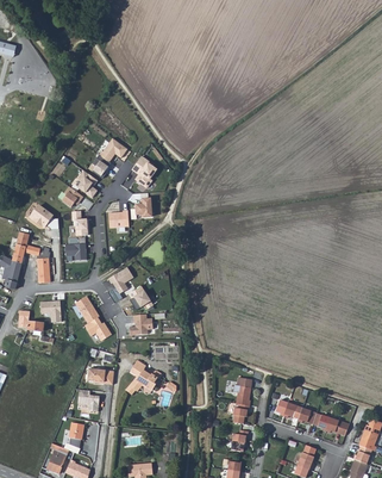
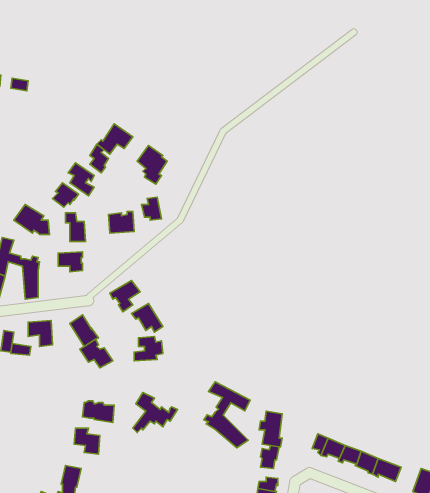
building: none -> [204,382,250,448]

